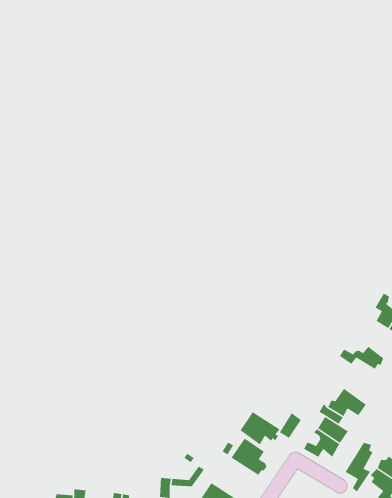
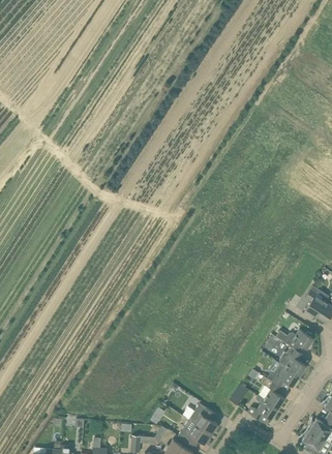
building: none -> [279,346,306,376]
building: [240,411,280,446] -> [178,420,211,448]
building: [344,442,376,493] -> none

